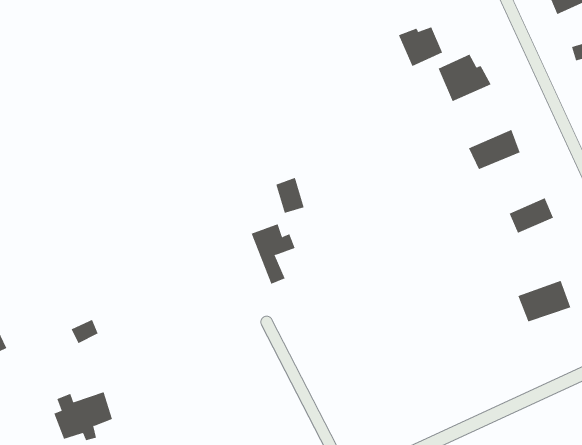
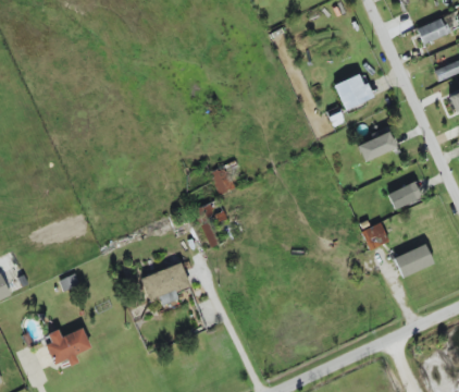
building: [398,27,443,67] -> none
building: none -> [361,222,389,250]
building: none -> [140,262,190,306]

